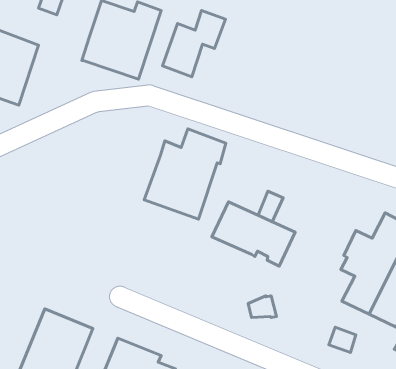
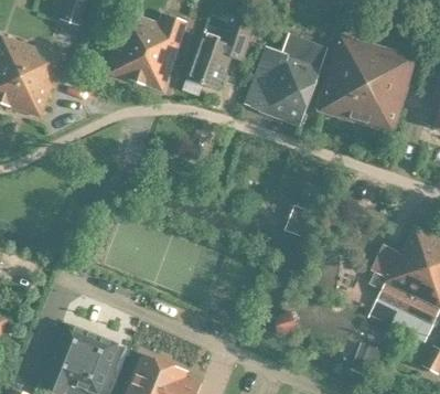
building: none -> [319,36,415,134]
building: [144,129,226,219] -> [245,34,328,126]
building: [212,202,295,266] -> none

